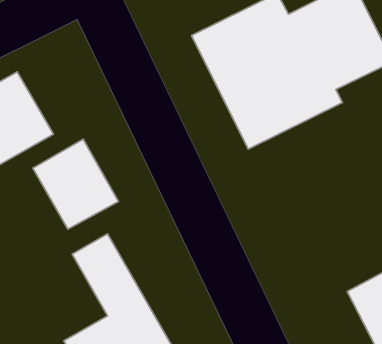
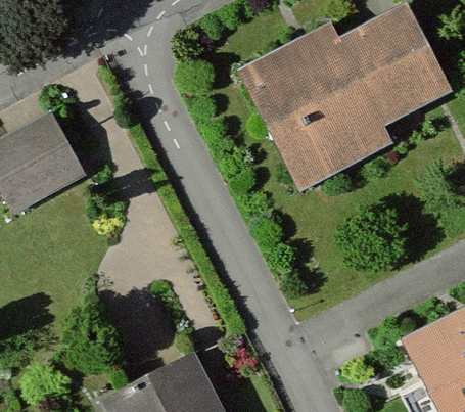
building: [33,139,118,229] -> none

